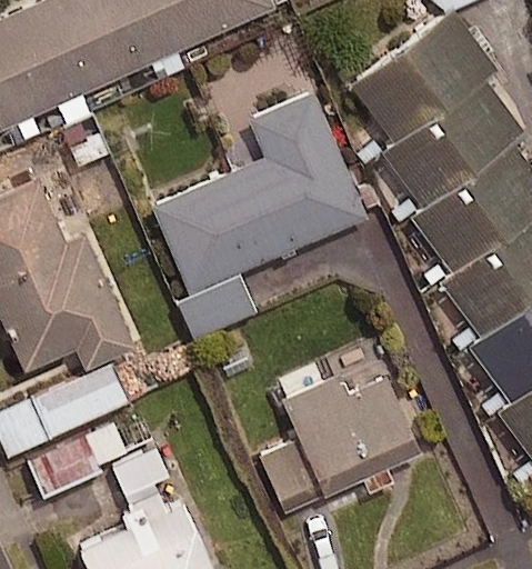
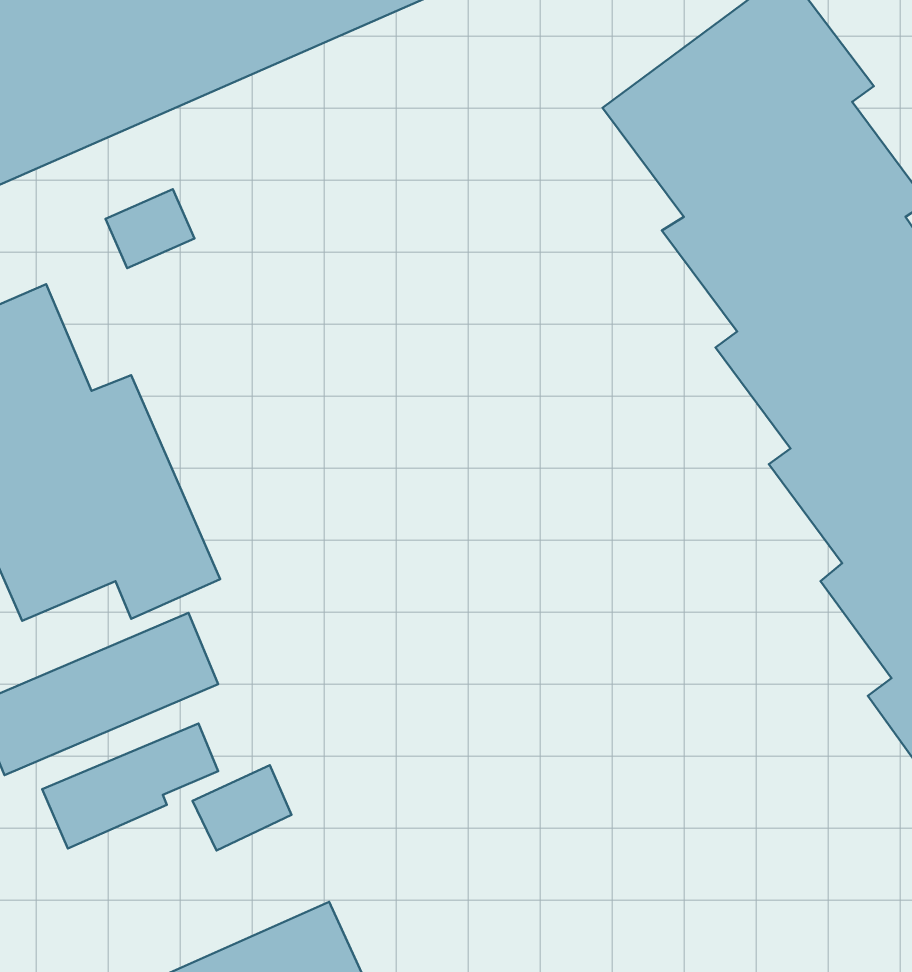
building: [149,90,364,291] -> none
building: [288,373,419,495] -> none

